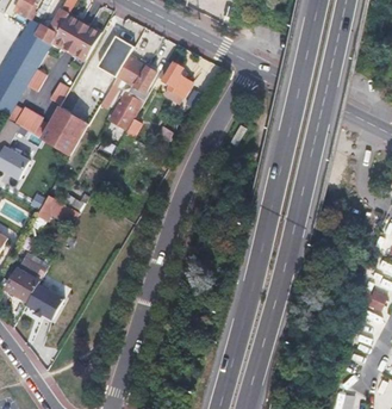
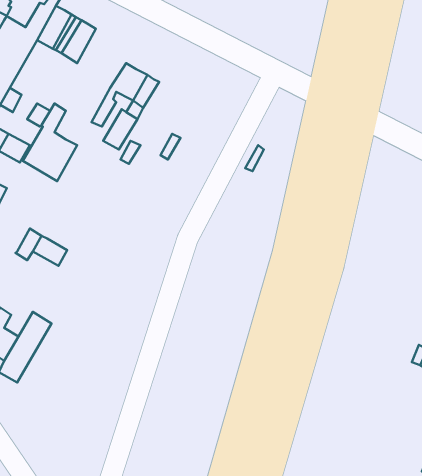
building: [100,36,135,76] -> none
building: [157,62,194,101] -> none

